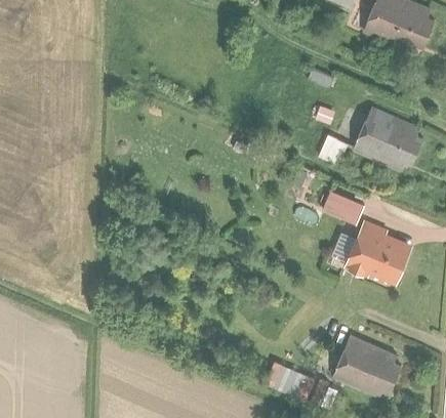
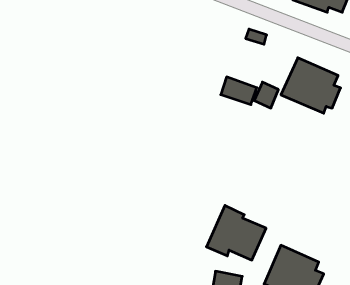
building: [319,190,363,223] -> [221,77,257,105]
building: [340,218,413,285] -> [206,205,266,260]

